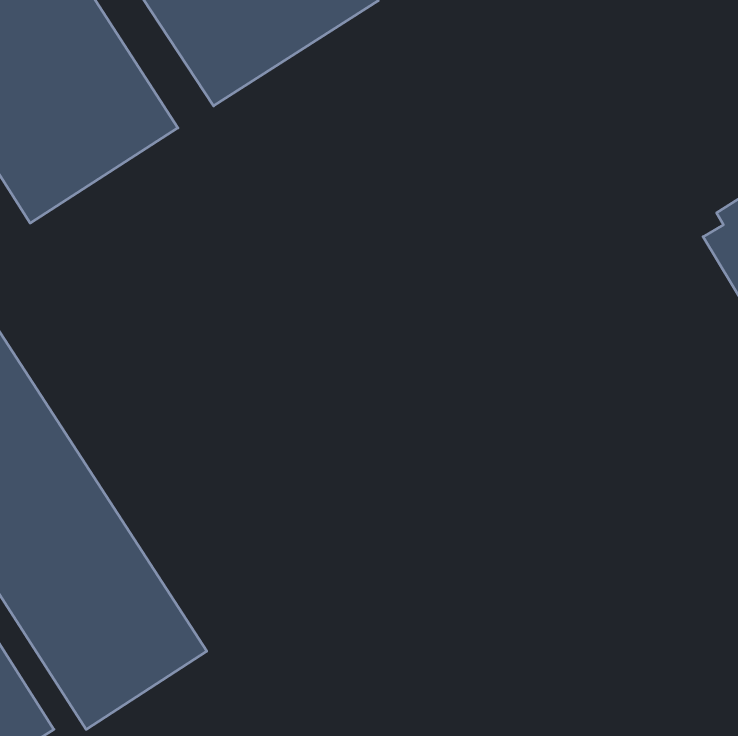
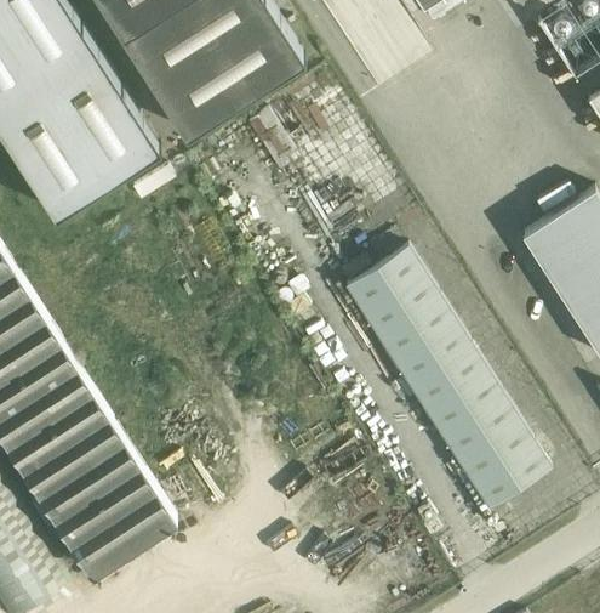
building: none -> [345,250,550,511]

